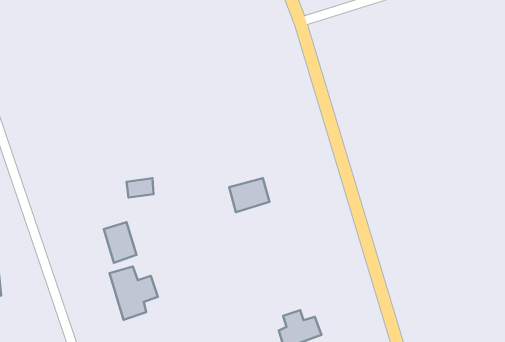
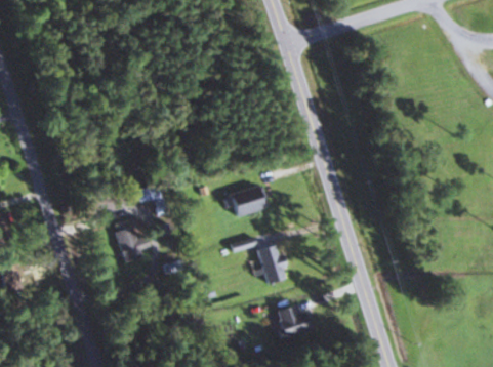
building: none -> [257,244,286,283]
building: [110,266,158,320] -> none

